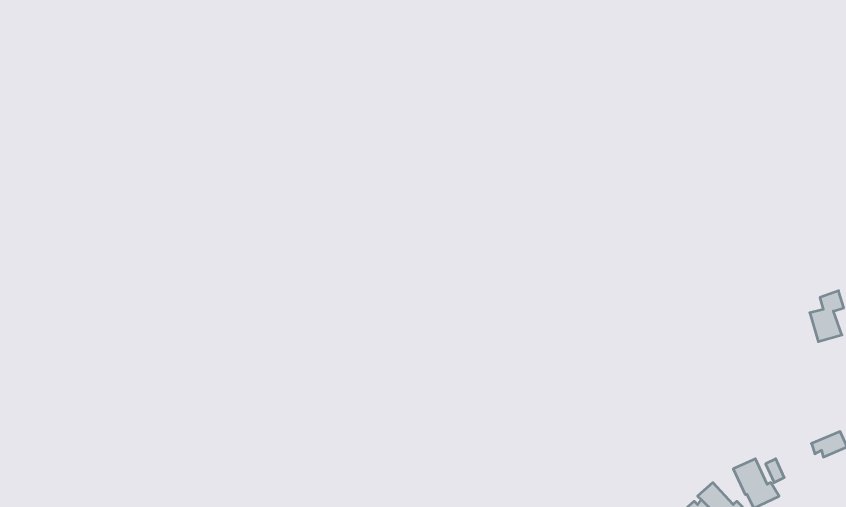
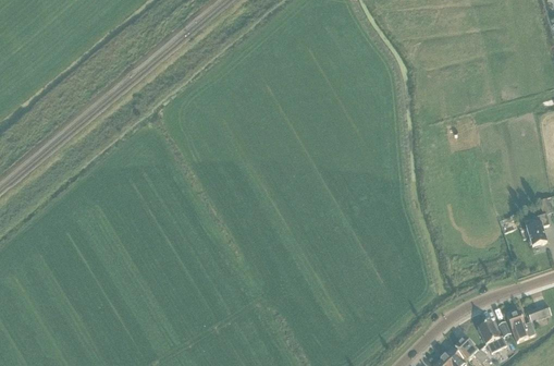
building: none -> [508,312,537,343]

